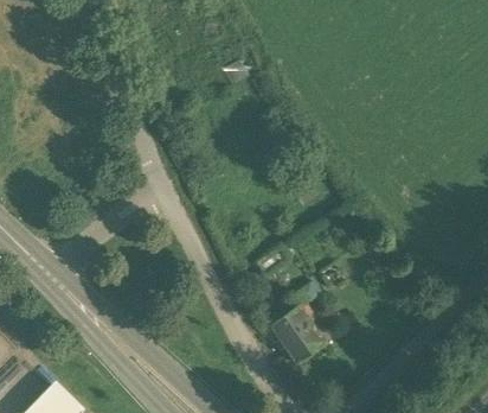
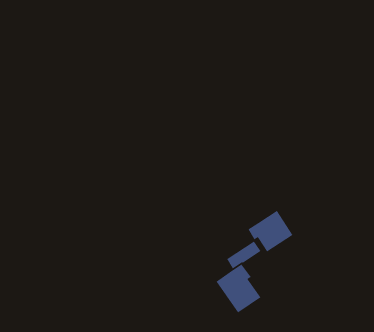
building: none -> [247,210,293,253]

